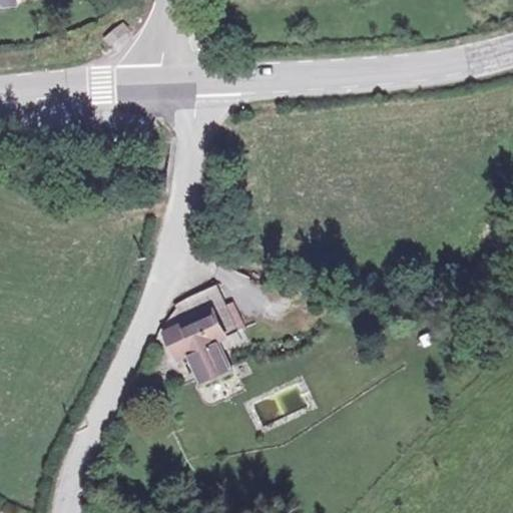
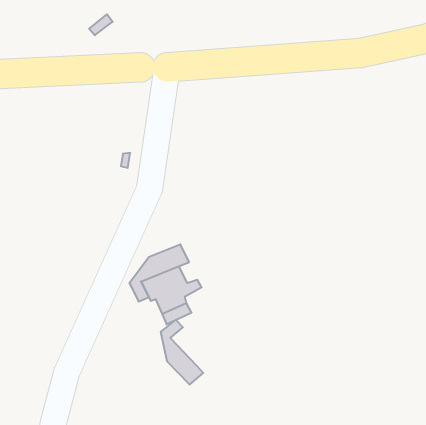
building: none -> [161,320,203,385]

